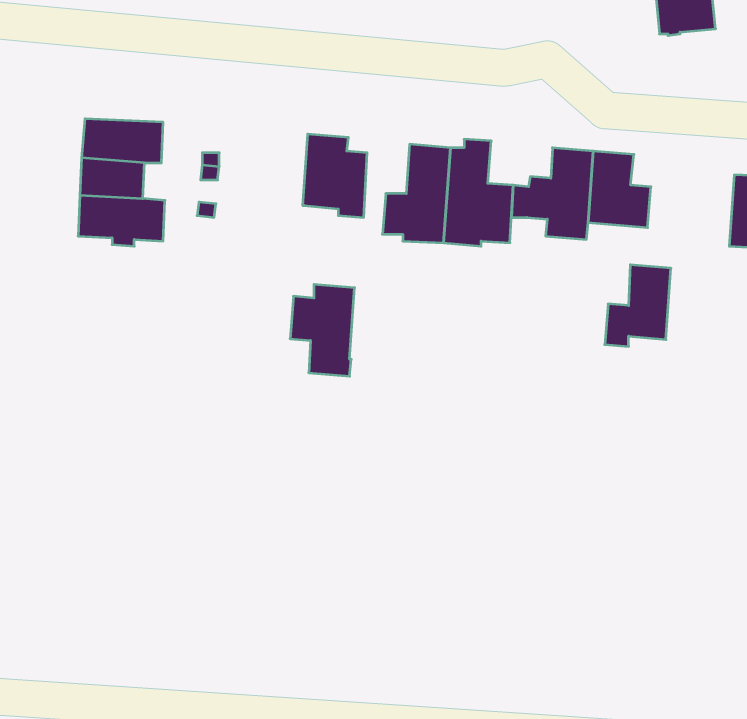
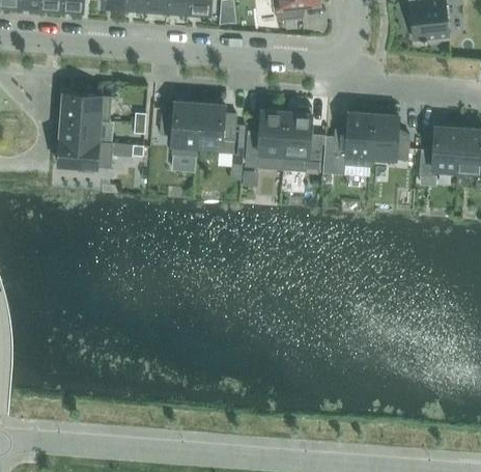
building: [605,265,671,346] -> [419,128,459,177]
building: [290,284,355,376] -> [160,103,199,159]

